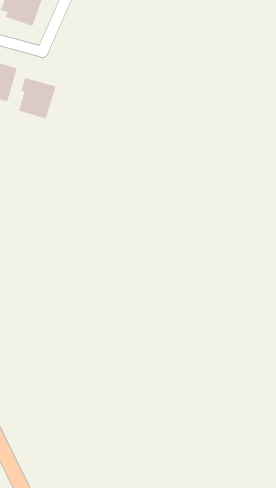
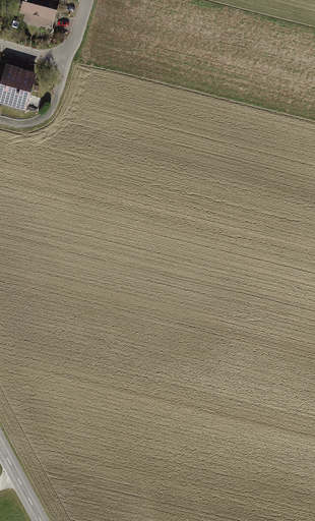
building: [19,77,56,119] -> none

